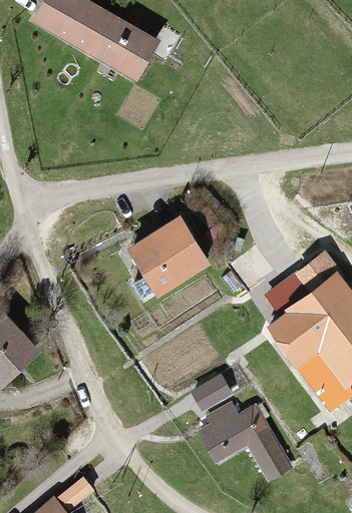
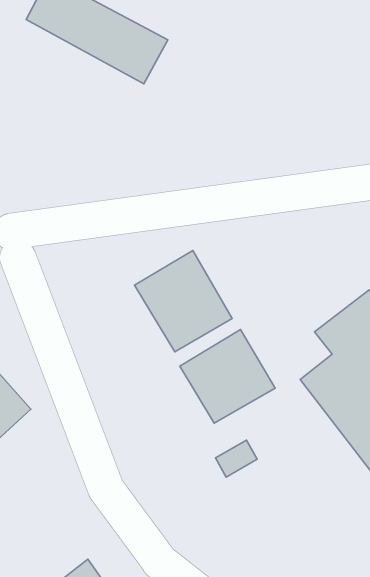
building: none -> [180,329,275,423]
building: [195,394,297,482] -> none

